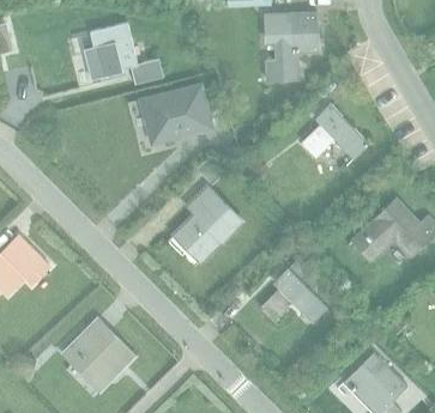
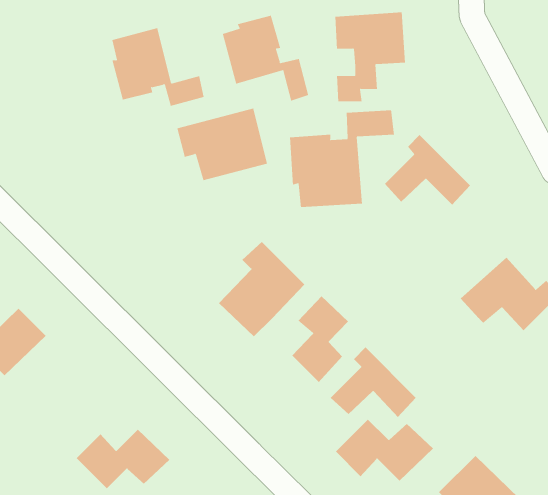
building: none -> [222,15,309,102]
building: none -> [290,110,395,208]
building: none -> [292,296,349,383]
building: none -> [335,419,434,481]

